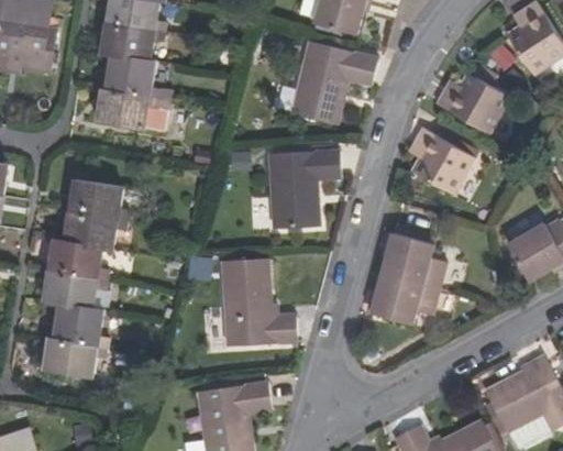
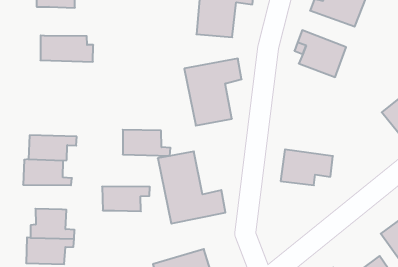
building: [102,54,157,97] -> none
building: [67,179,128,220] -> [123,130,171,156]
building: [382,234,448,288] -> none
building: [47,271,110,308] -> [102,187,150,211]

